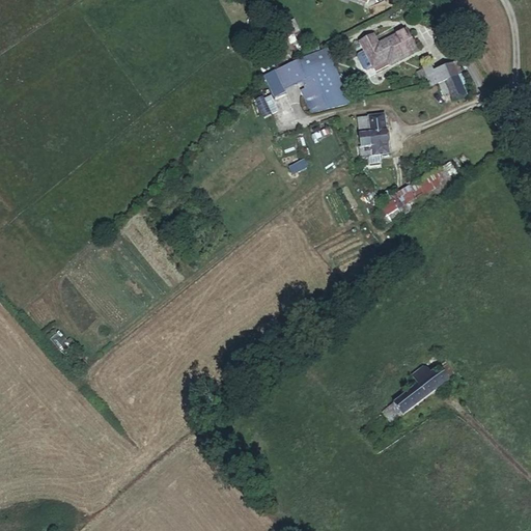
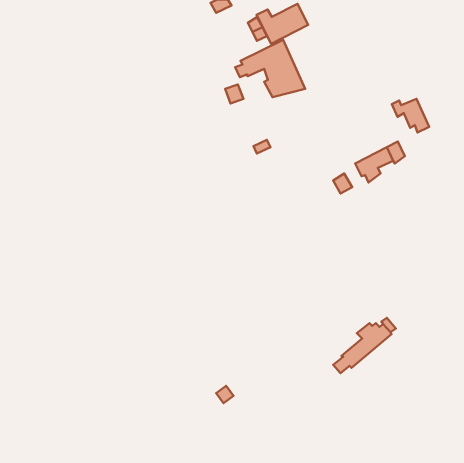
building: [360,26,419,72] -> [257,4,308,44]
building: [423,62,466,101] -> [392,99,429,132]
building: [357,113,388,163] -> none

